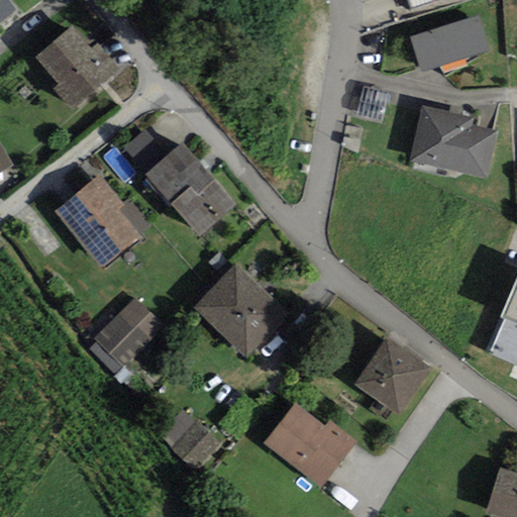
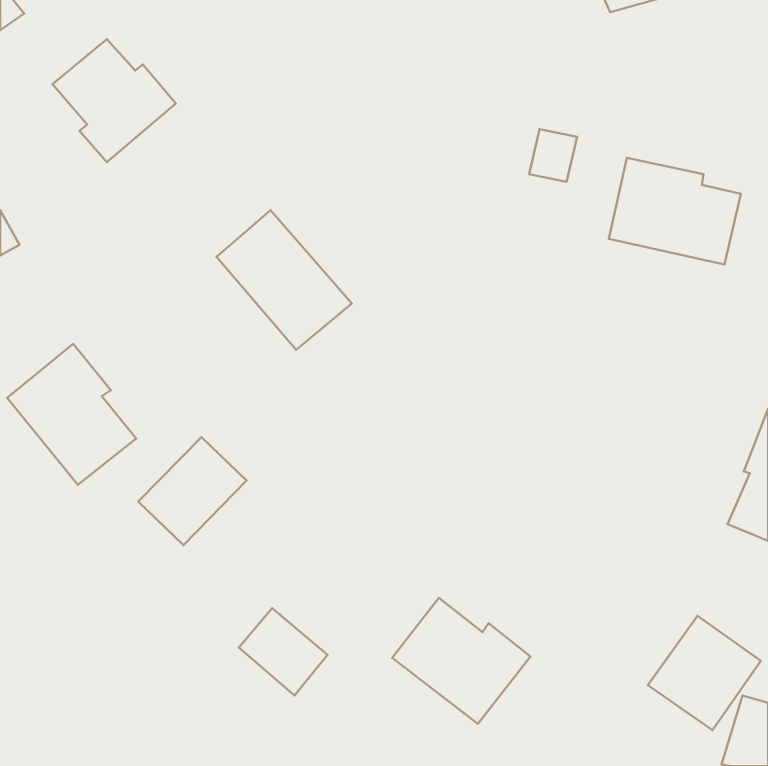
building: [410,15,489,72] -> none
building: [124,130,167,173] -> none
building: [55,174,141,269] -> [7,344,136,485]
building: [194,263,289,357] -> none
building: [354,337,430,414] -> [648,616,761,730]

